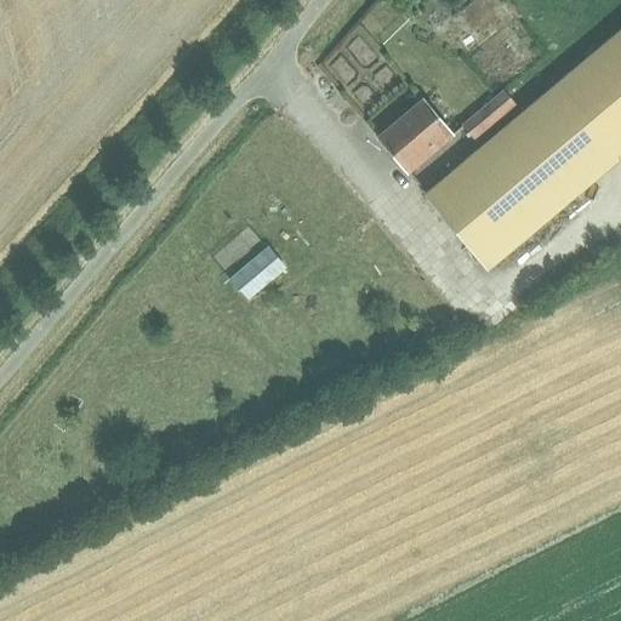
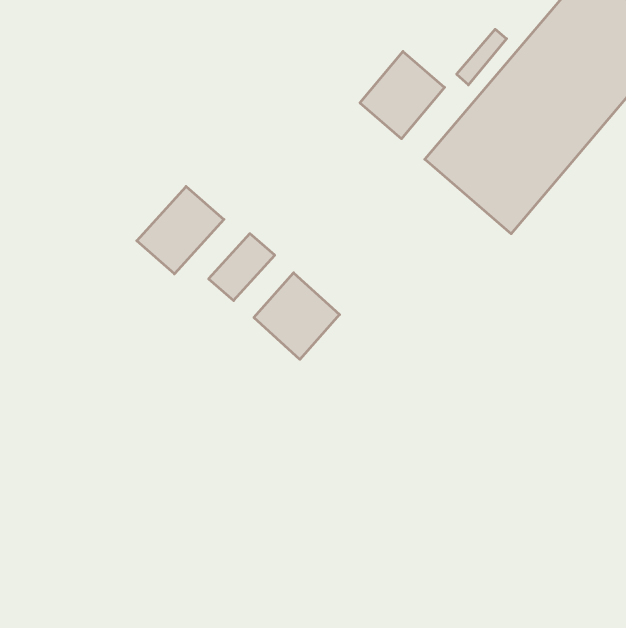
building: none -> [137,186,224,274]
building: none -> [254,273,340,359]

